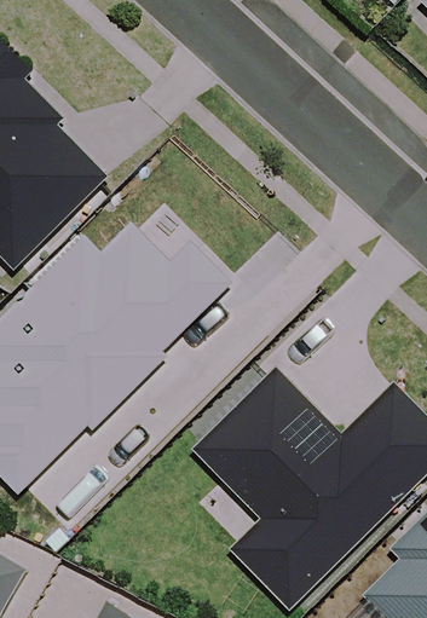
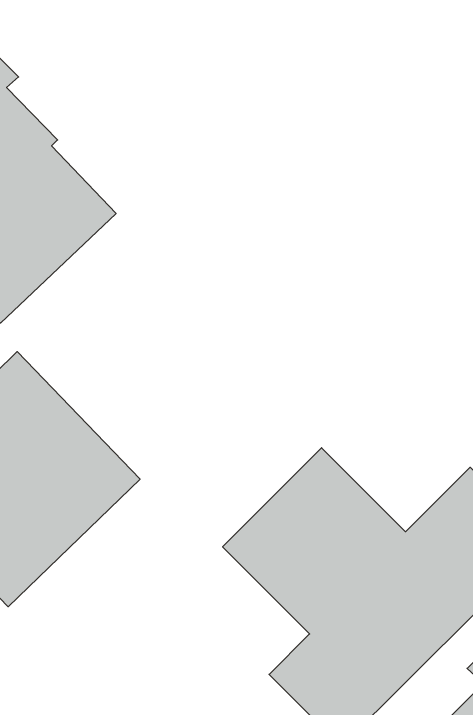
building: [28,224,230,393] -> none

